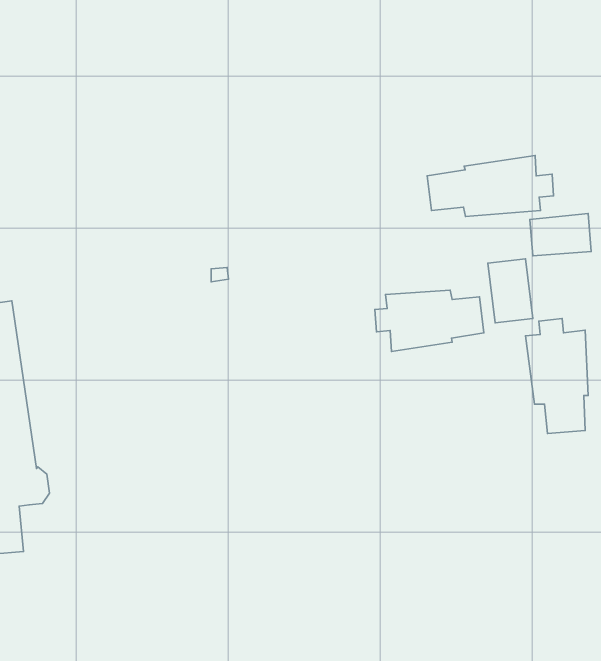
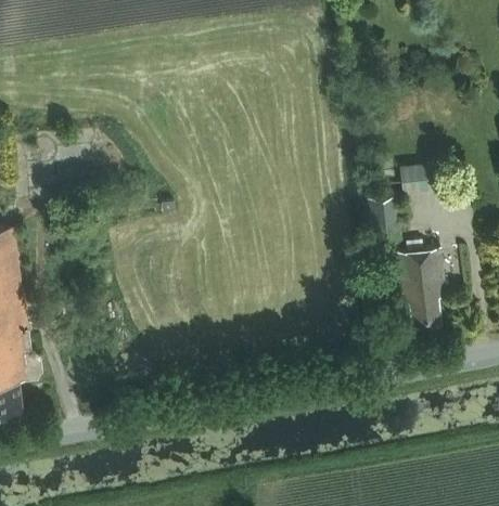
building: [427,155,554,216] -> none
building: [375,290,484,352] -> none

